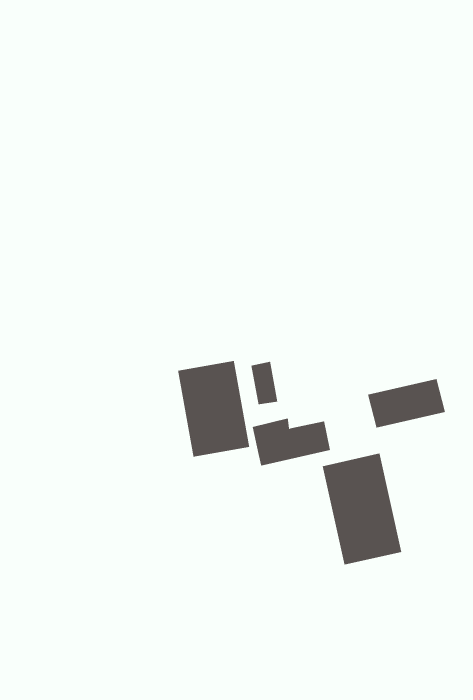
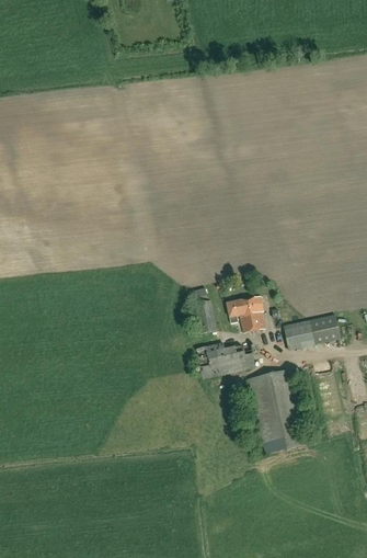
building: none -> [226,296,264,332]
building: [177,360,250,458] -> none

